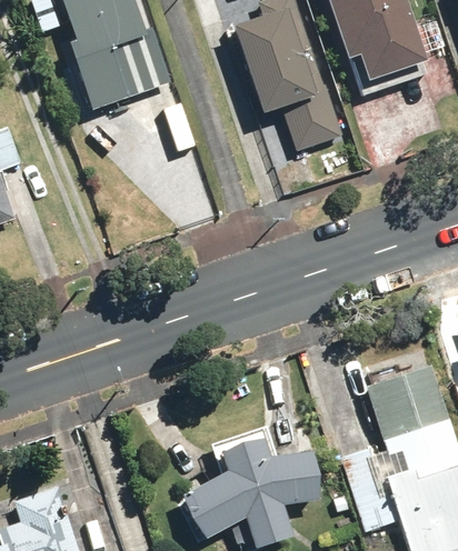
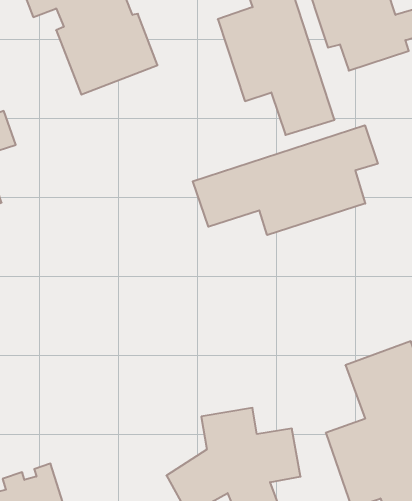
building: none -> [193,125,378,235]

